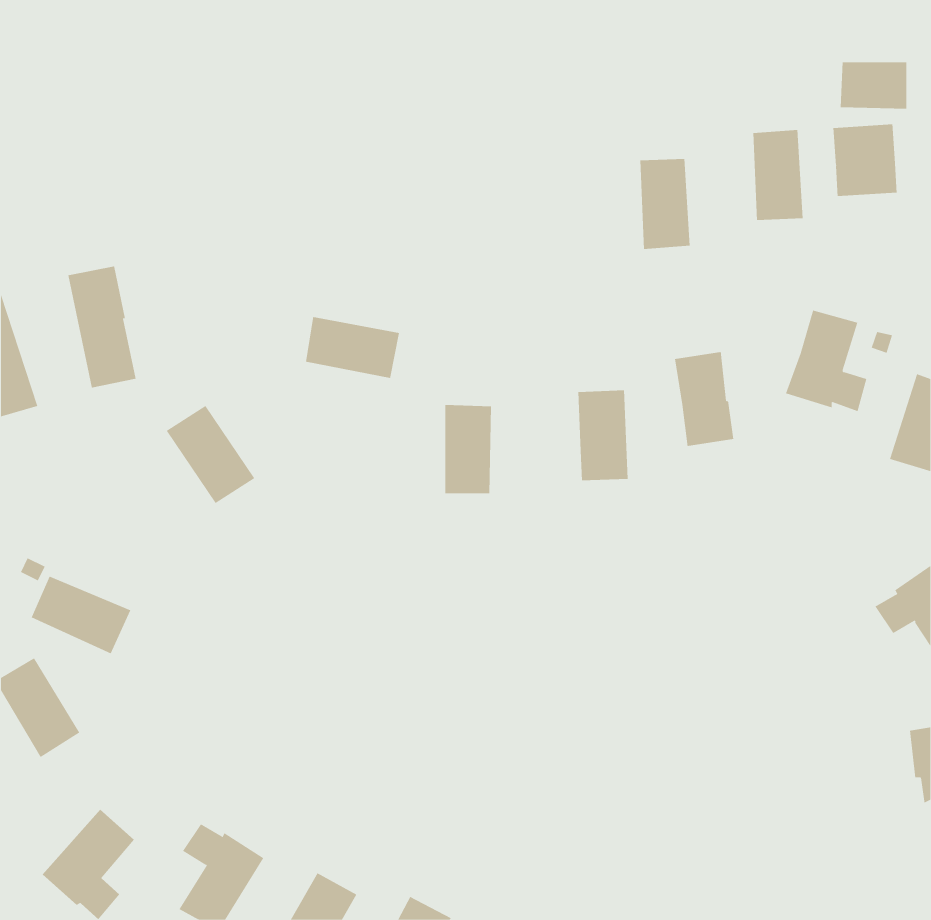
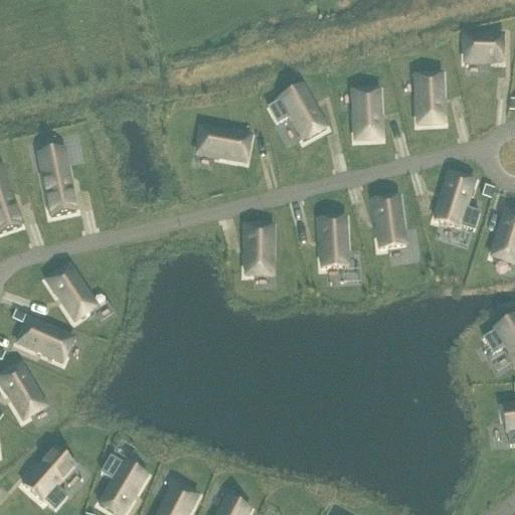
building: [833,124,897,197] -> none
building: none -> [268,83,326,139]
building: [305,316,400,378] -> [197,126,249,160]
building: [166,405,255,504] -> [46,265,96,319]

